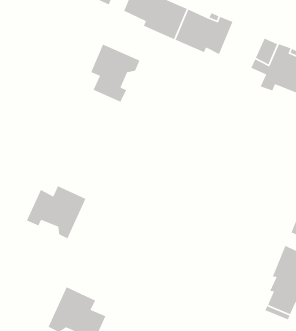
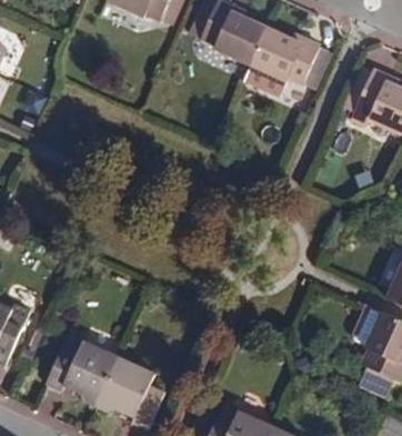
building: [90,43,140,103] -> none
building: [26,185,86,239] -> [49,343,121,407]

